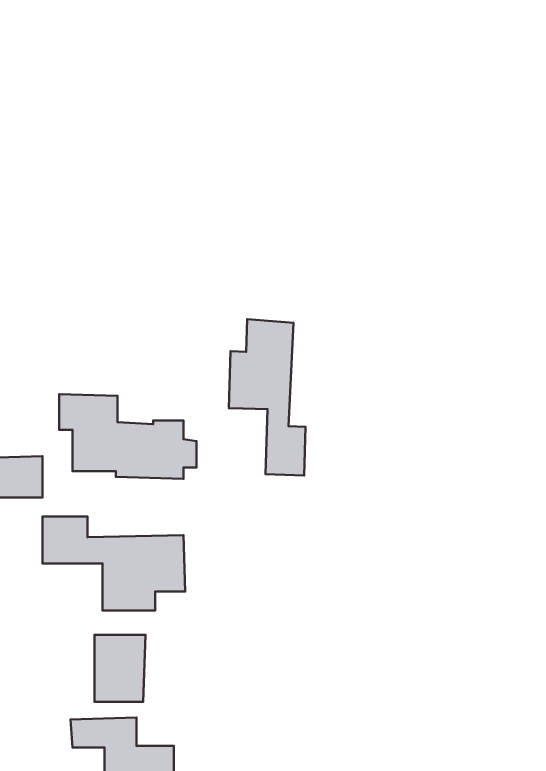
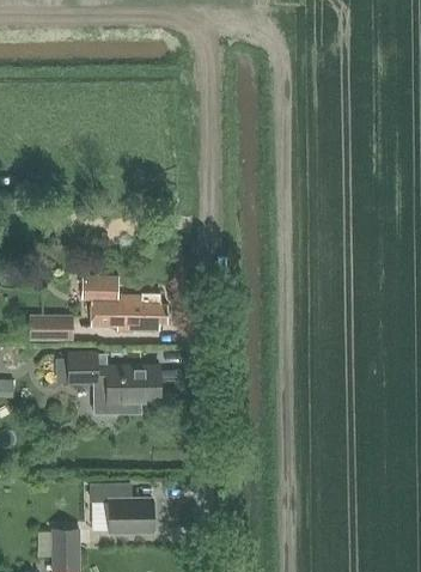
building: [229,319,306,475] -> none
building: [94,635,146,702] -> none

